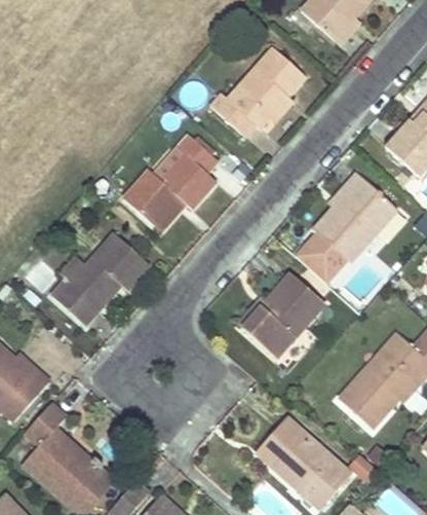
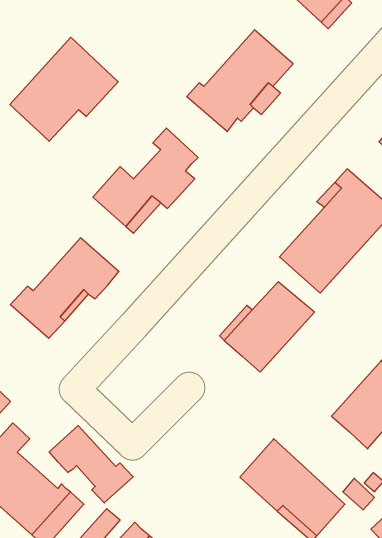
building: none -> [10,37,118,141]
building: none -> [49,426,133,503]

